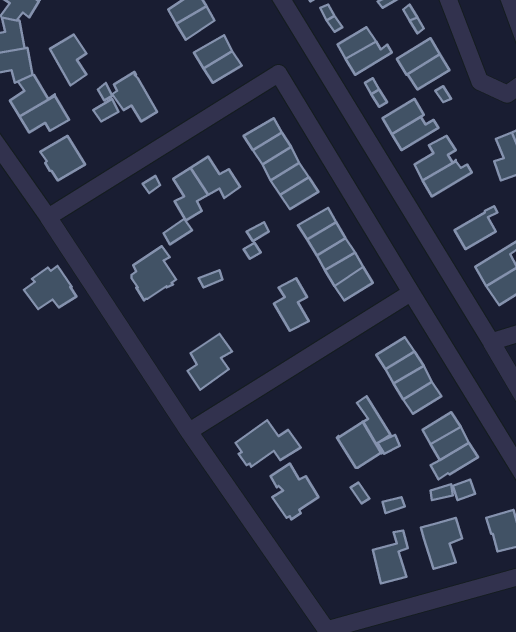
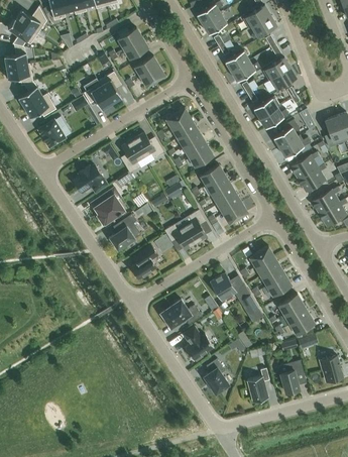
building: [50,34,87,86] -> [98,72,121,104]
building: none -> [291,151,319,179]
building: [24,266,77,309] -> [73,164,106,192]
building: none -> [108,214,140,249]
building: none -> [163,224,195,249]
building: [337,422,382,468] -> [209,271,237,301]
building: none -> [204,358,228,393]

